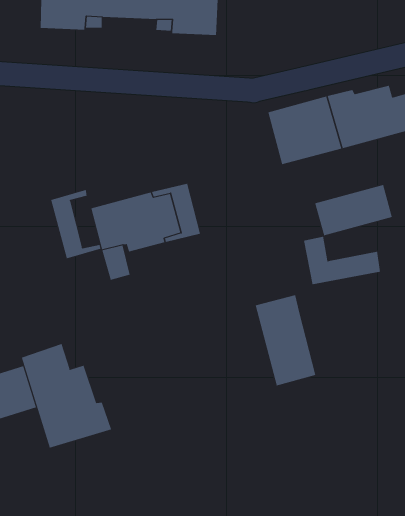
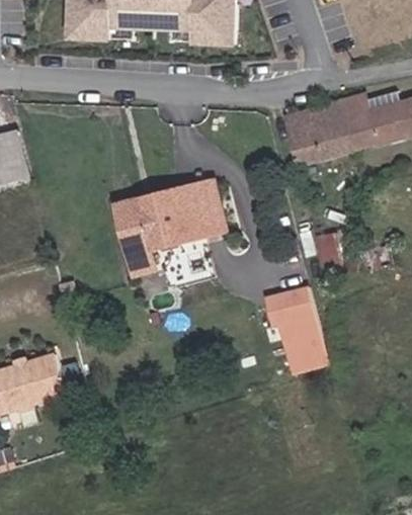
building: [315,184,393,236] -> none
building: [51,189,101,259] -> none
building: [21,343,112,448] -> none

